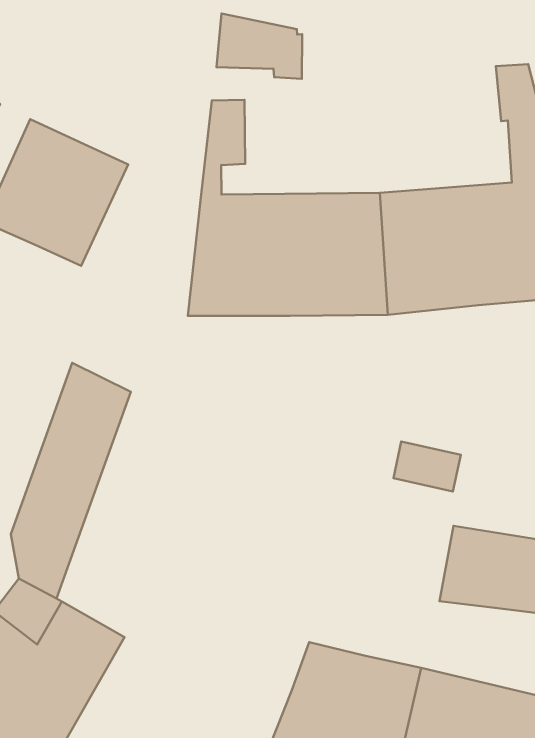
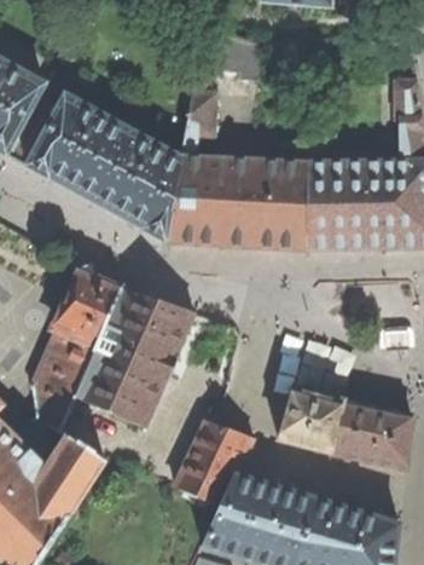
building: none -> [93,131,180,240]
building: none -> [76,290,193,426]
building: none -> [278,386,342,451]
building: none -> [174,419,252,507]

